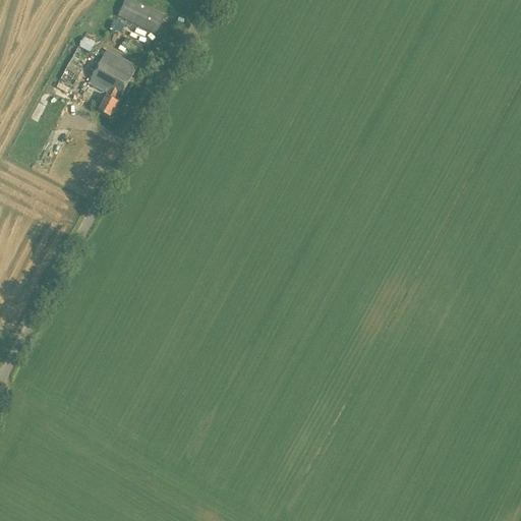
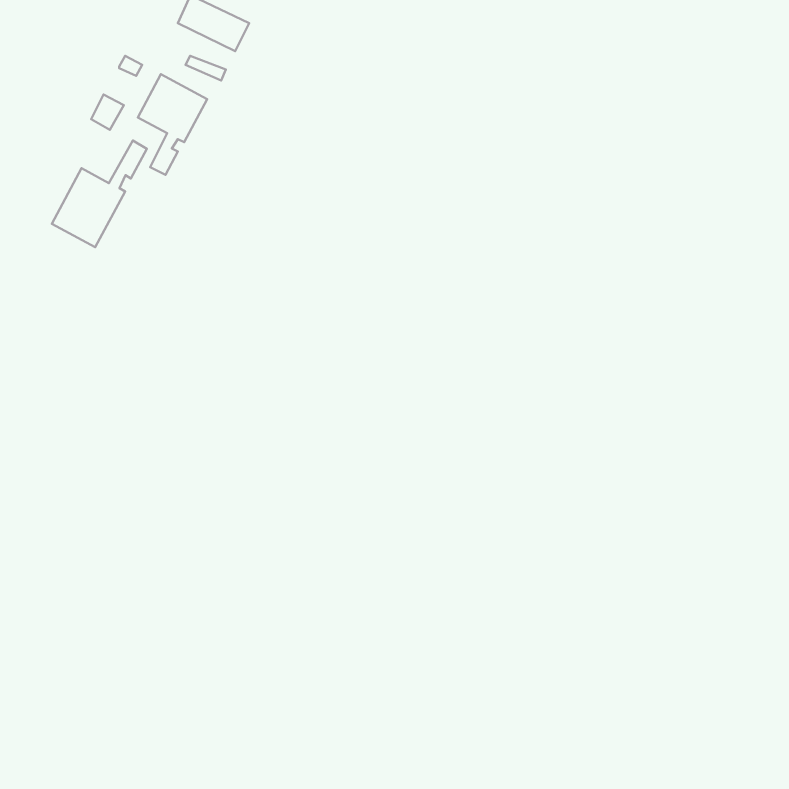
building: none -> [52,140,147,247]

